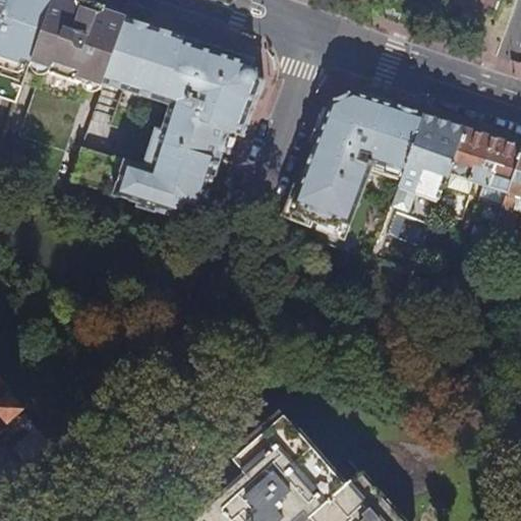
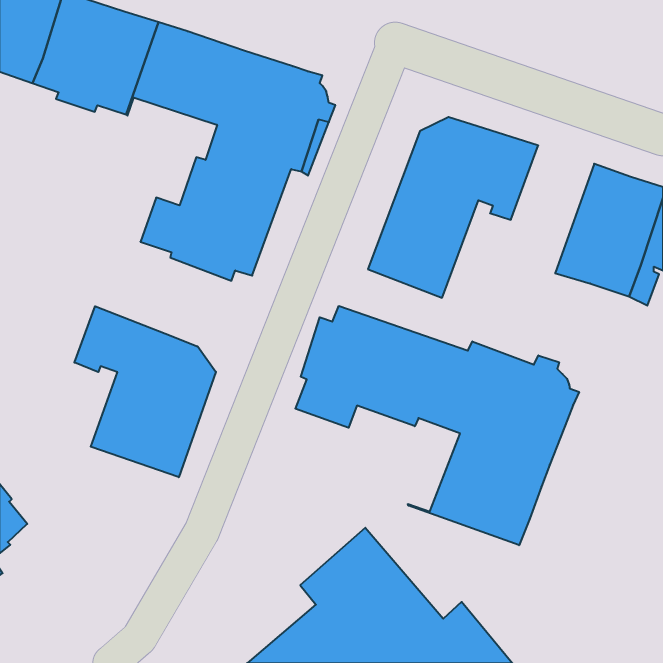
building: [386,114,465,227] -> none
building: none -> [295,306,579,545]
building: none -> [74,306,216,477]

